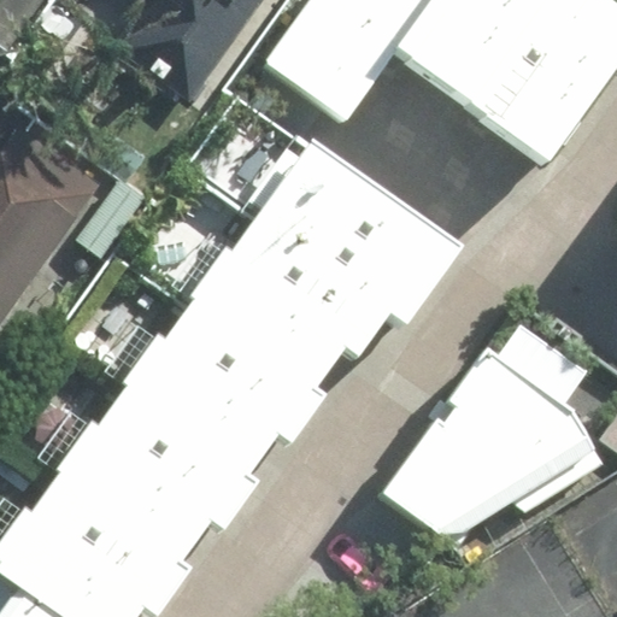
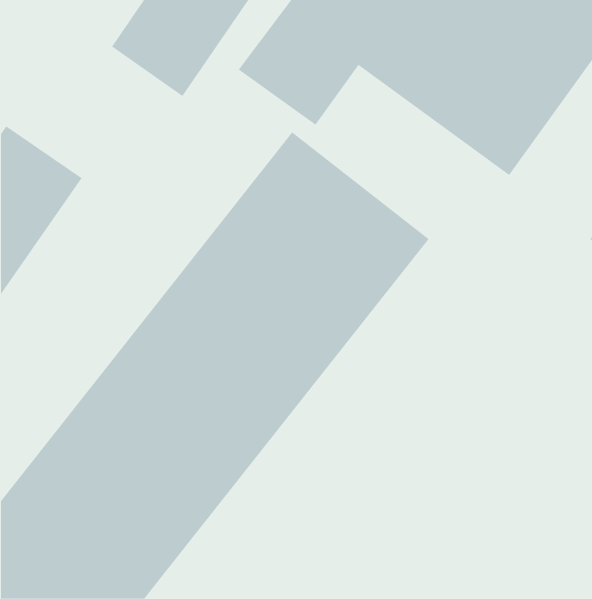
building: [383,346,611,540] -> none

